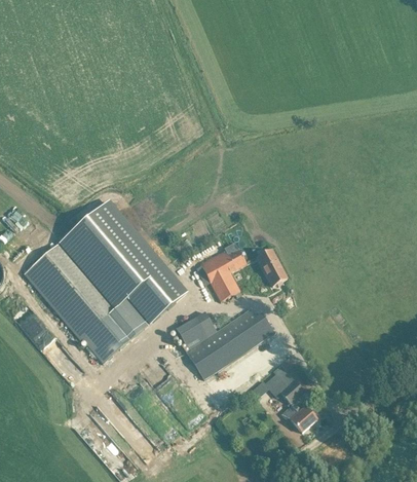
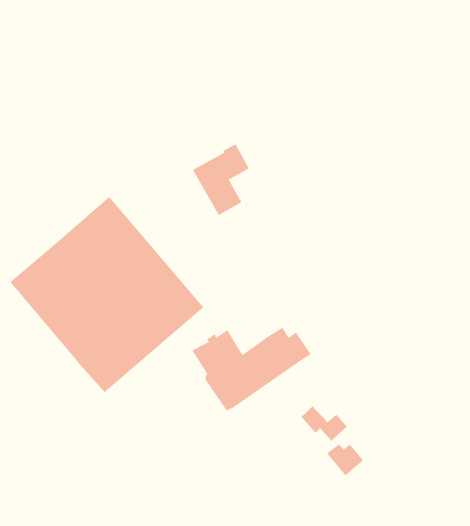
building: [198,242,245,301] -> [192,144,250,216]
building: [257,250,286,285] -> none

